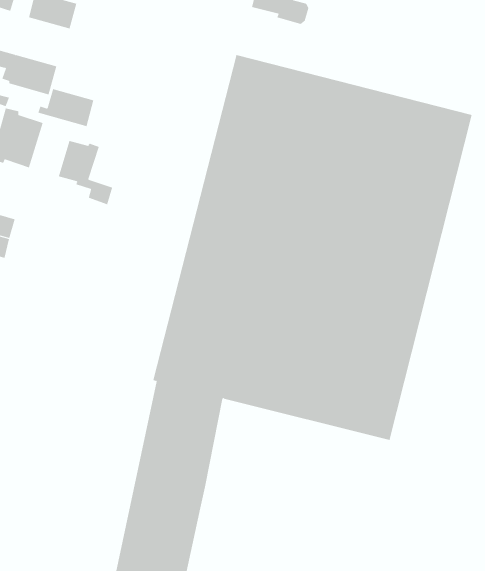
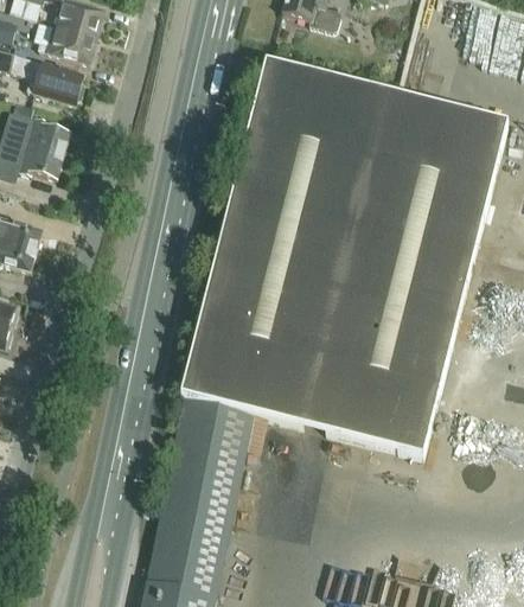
building: [37,88,94,127] -> [39,23,97,62]
building: [58,140,113,205] -> none

